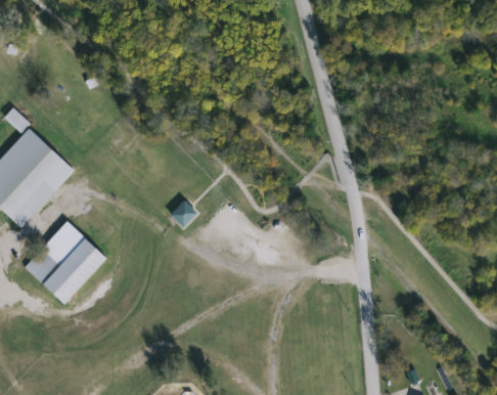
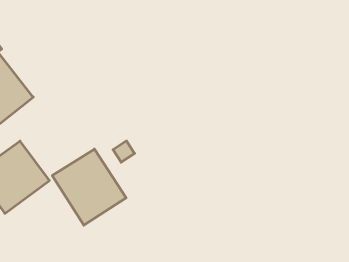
building: none -> [52,149,126,225]

